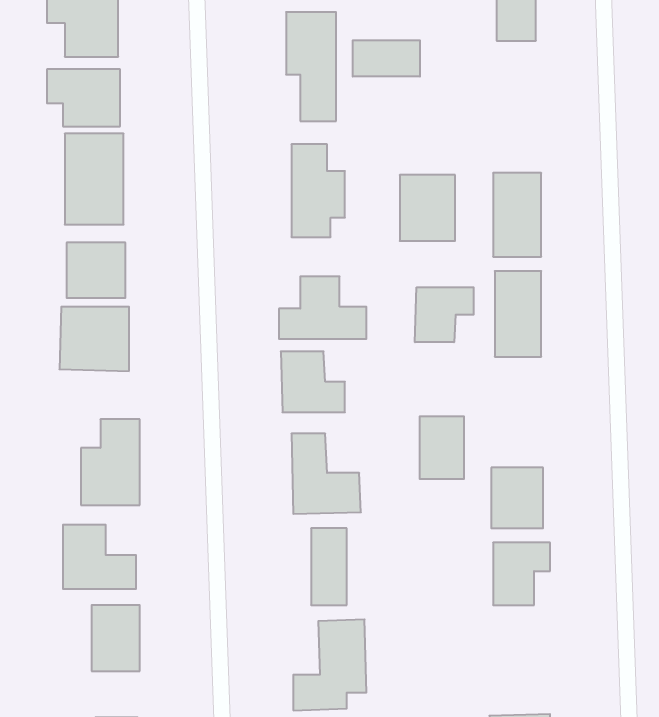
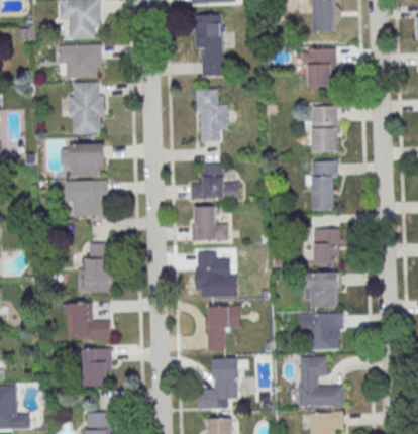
building: [353,40,420,77] -> none
building: [400,175,455,241] -> [305,48,336,86]
building: [415,287,474,342] -> none
building: [420,416,464,479] -> [314,228,339,263]
building: none -> [299,356,344,405]

